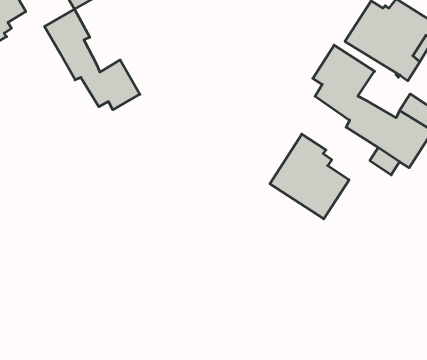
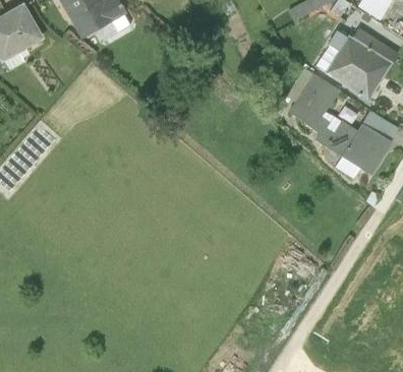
building: [45,9,140,110] -> none
building: [270,134,349,219] -> none

